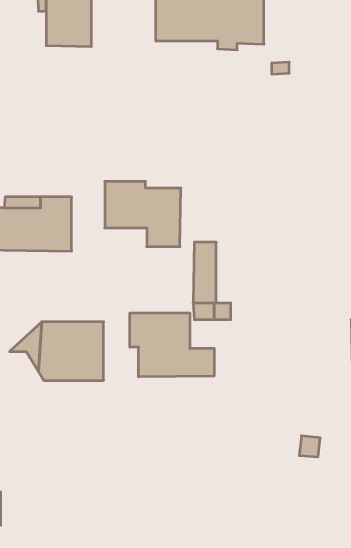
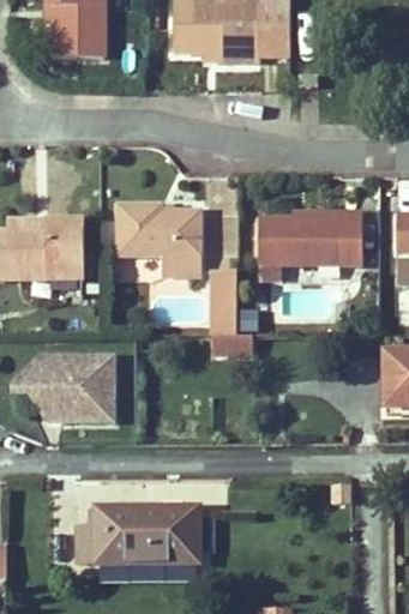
building: none -> [259,211,360,281]
building: [130,313,214,377] -> none
building: none -> [77,508,198,561]

